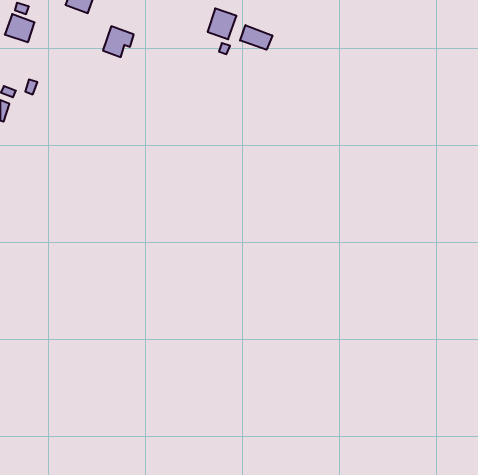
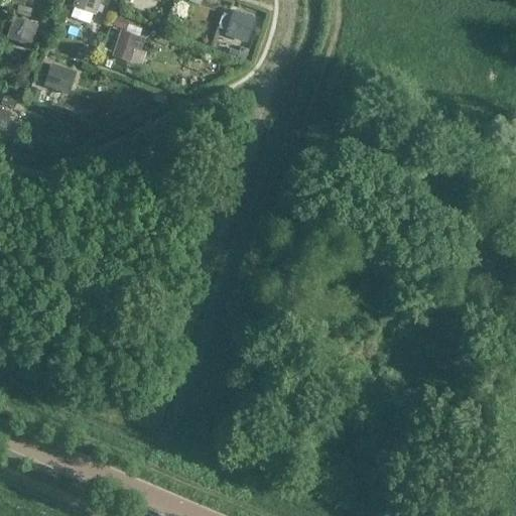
building: [240,25,272,50] -> none
building: none -> [43,61,76,94]

